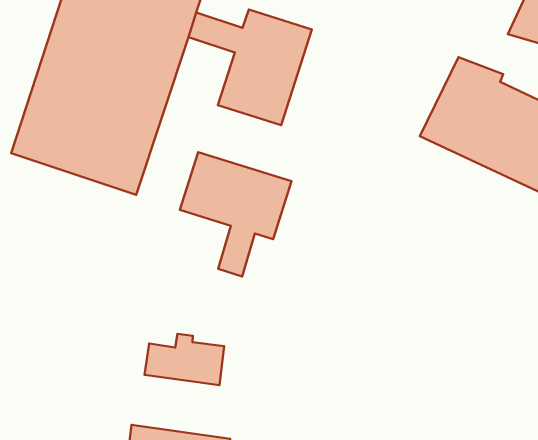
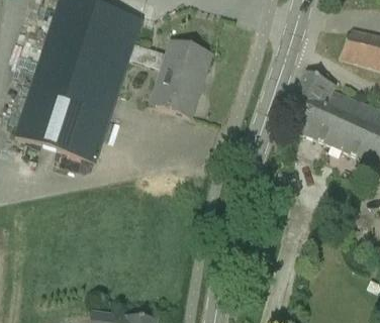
building: [180,152,291,276] -> none
building: [144,334,224,385] -> none

